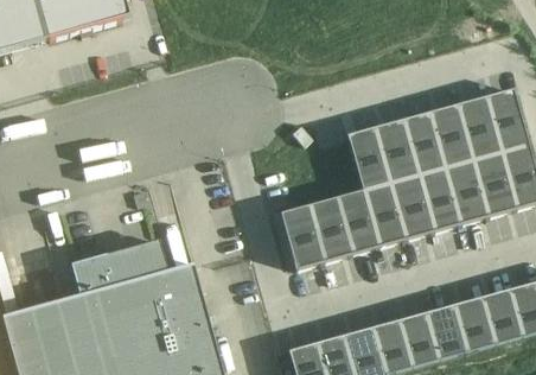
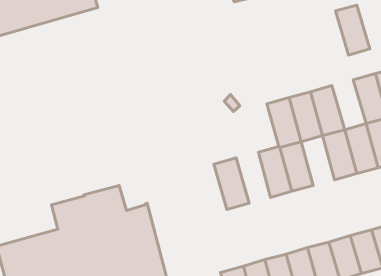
building: [427,106,471,170] -> [335,5,370,55]
building: [388,177,430,241] -> none
building: [305,198,349,263] -> none

